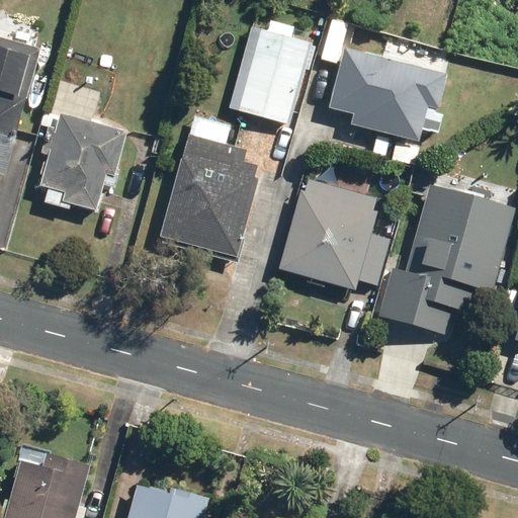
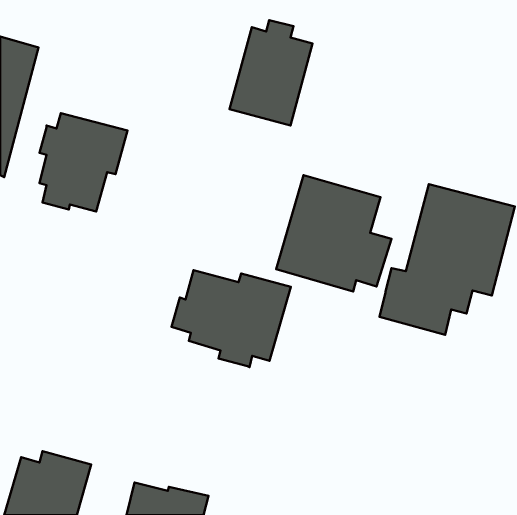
building: [327,48,447,143] -> none
building: [158,114,261,264] -> none
building: none -> [172,270,291,367]

